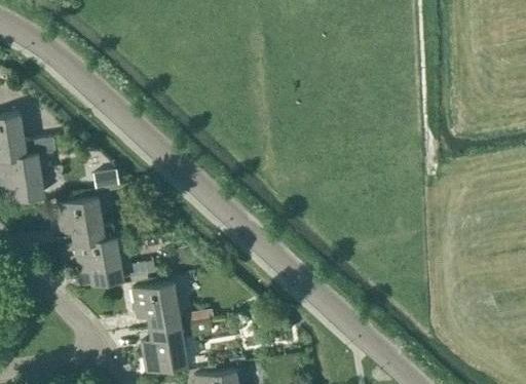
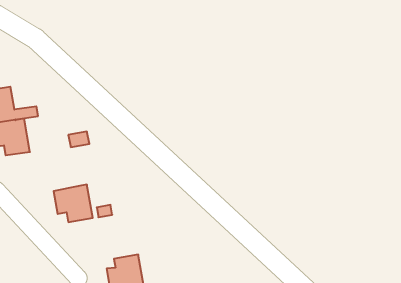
building: [55,198,105,245] -> none
building: [132,283,181,331] -> none

